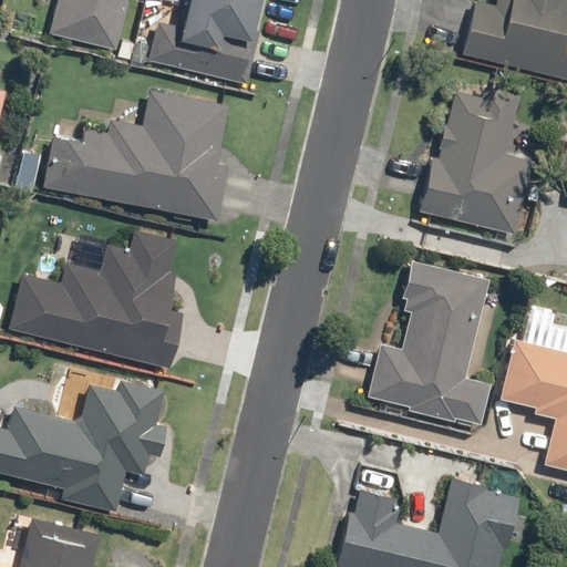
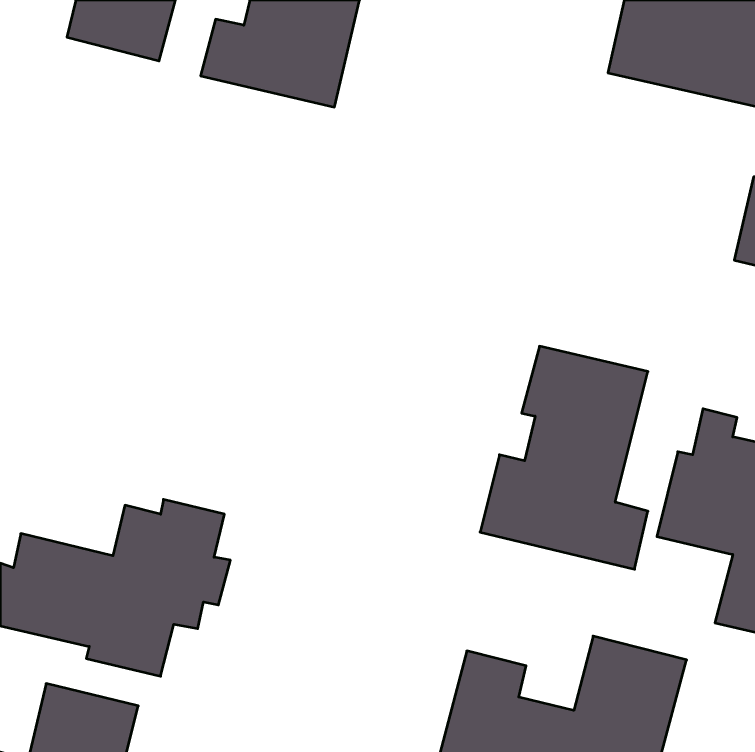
building: [47,89,236,219] -> none
building: [415,90,529,240] -> none
building: [12,229,186,369] -> none

